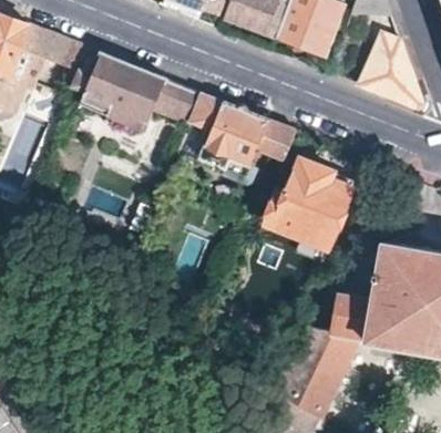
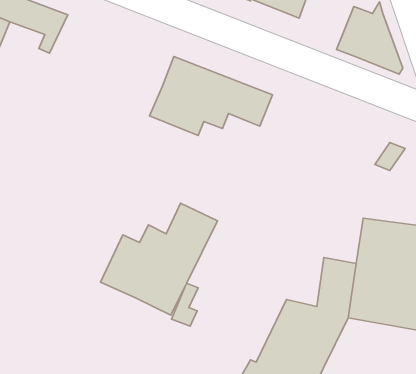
building: [80,53,204,122] -> none
building: [268,159,352,246] -> none
building: none -> [101,203,217,315]

